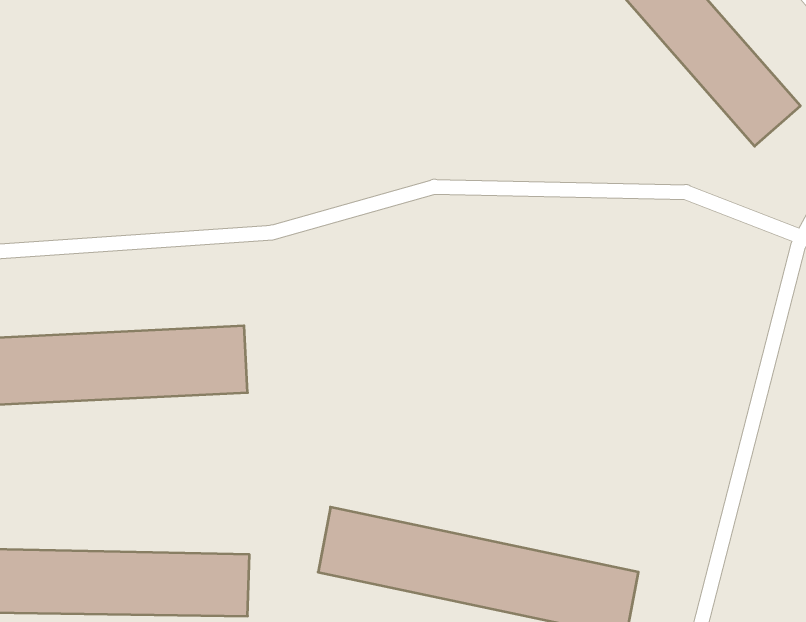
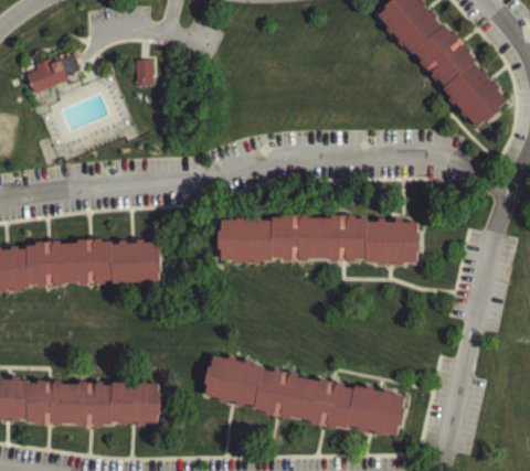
building: none -> [25,54,81,93]
building: none -> [132,64,150,90]
building: none -> [219,220,420,261]

